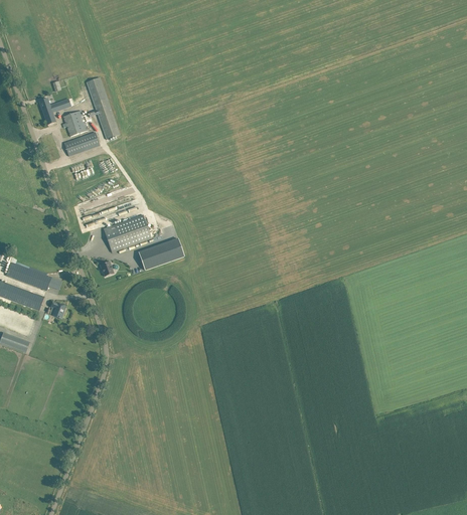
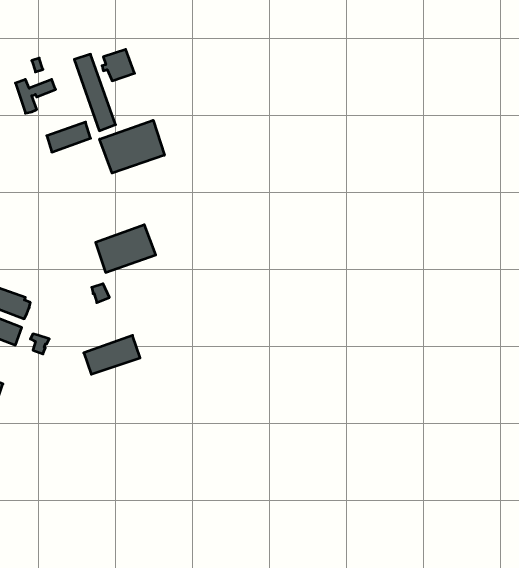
building: [61,111,88,136] -> [102,49,135,81]
building: none -> [100,120,164,173]
building: [138,238,183,270] -> [84,335,140,374]

